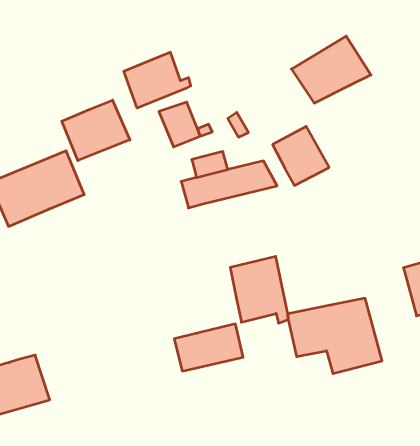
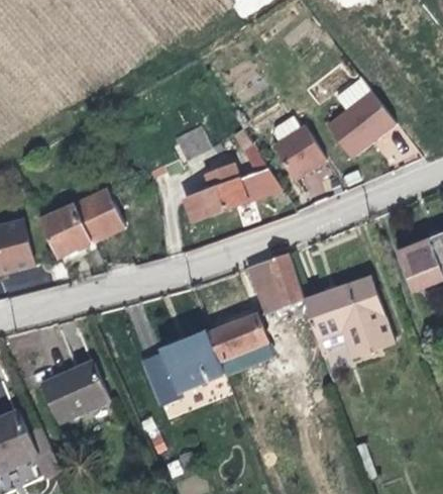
building: [291,36,371,103] -> [326,102,396,164]
building: [124,52,191,108] -> none
building: [62,100,130,161] -> none
building: none -> [139,332,224,399]

